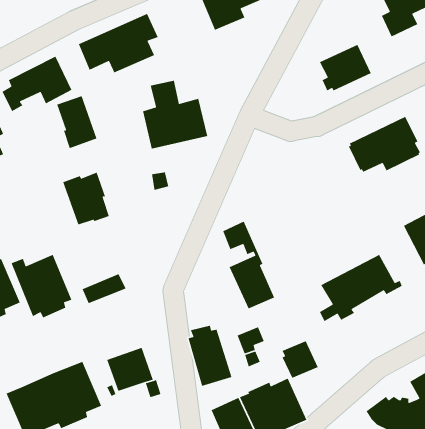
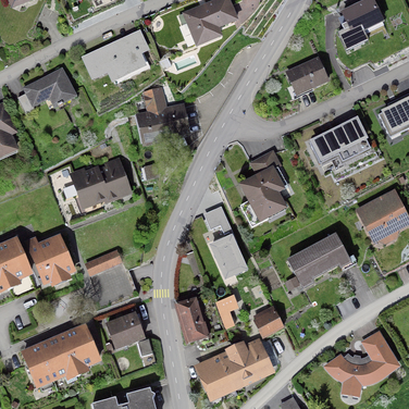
building: [56,95,98,149] -> [98,156,133,201]
building: none -> [238,149,288,225]

